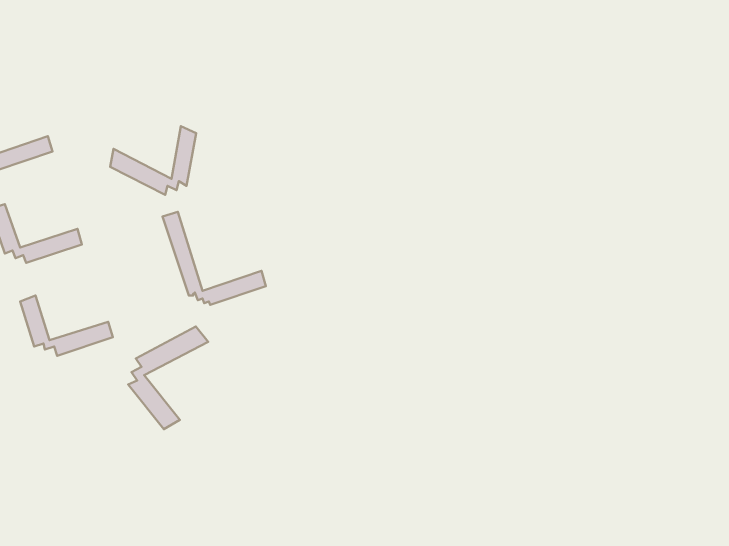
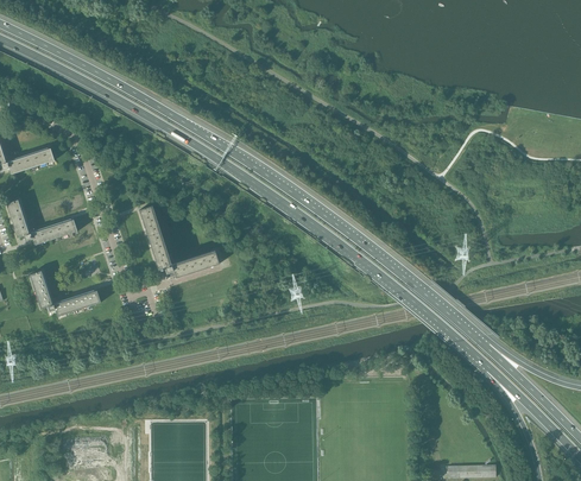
building: [110,126,196,195] -> none
building: [128,326,208,429] -> none

